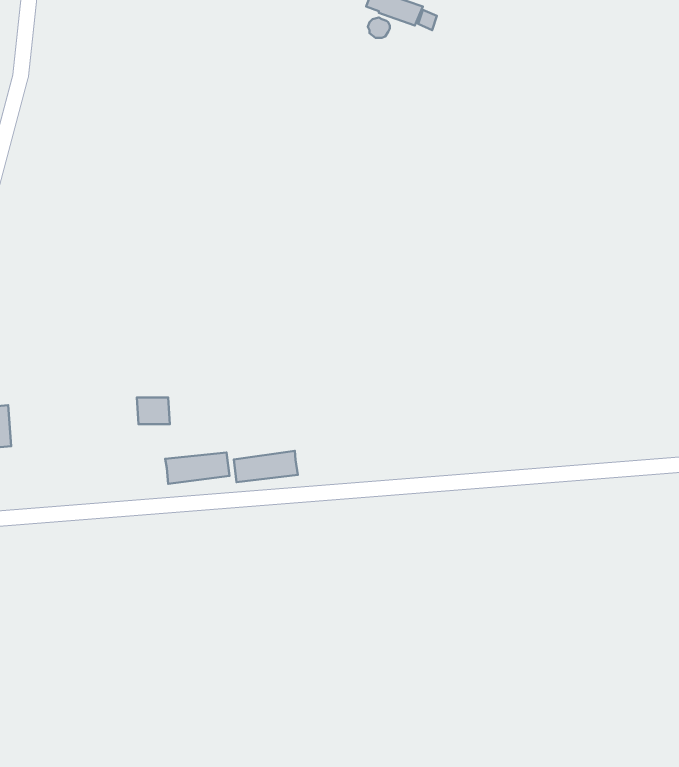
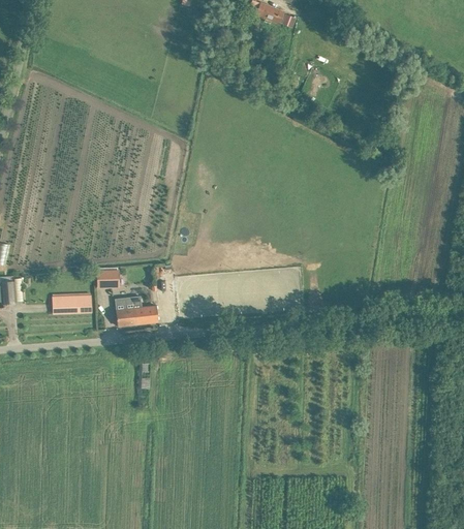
building: none -> [54,293,91,312]
building: [234,451,298,482] -> none

